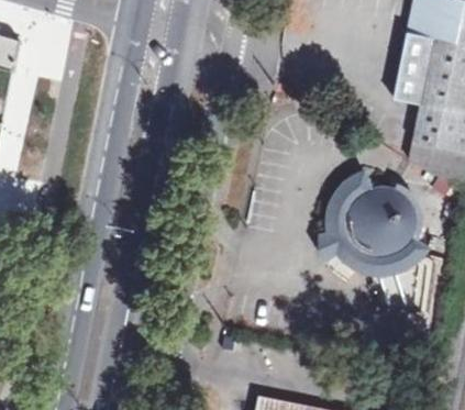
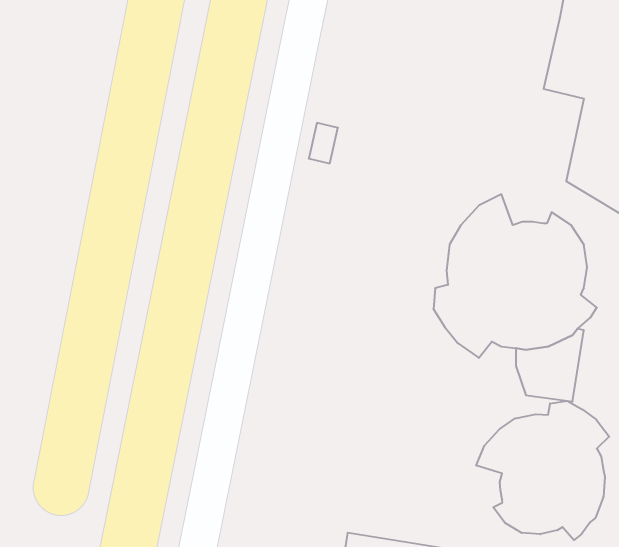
building: none -> [476,401,609,540]

